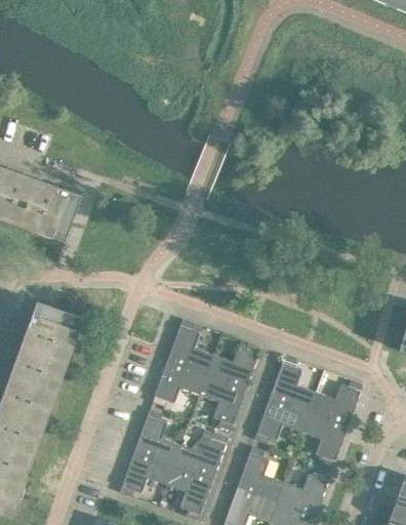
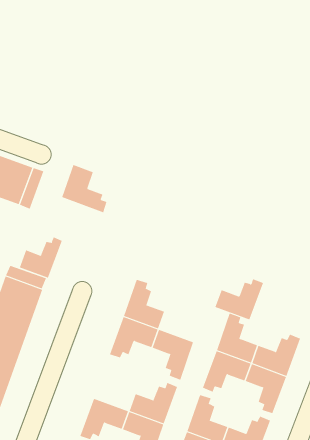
building: none -> [62,164,107,213]
building: none -> [19,237,62,279]
building: [206,341,260,388] -> [215,278,264,320]
building: [134,408,180,463] -> none

